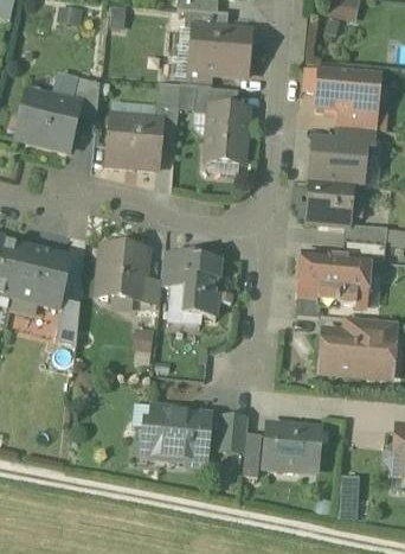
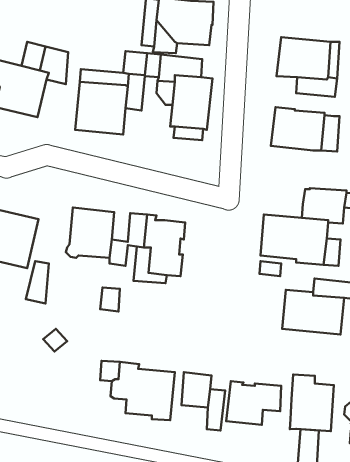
building: [334,126,375,149] -> none
building: [306,180,353,225] -> none
building: none -> [290,374,334,431]

